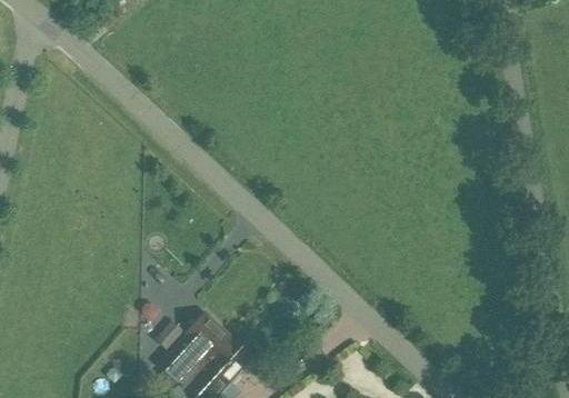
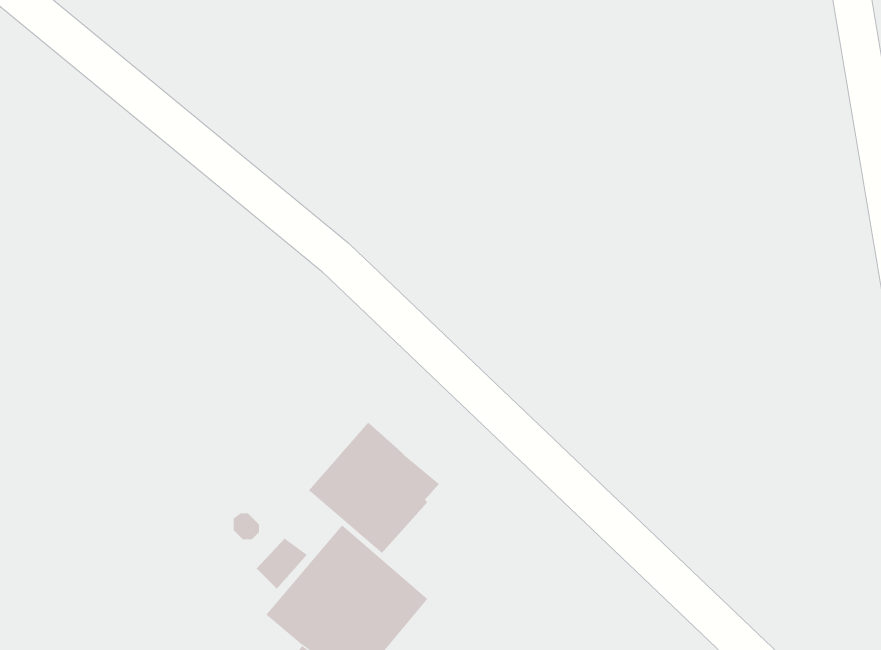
building: none -> [308,422,440,554]

